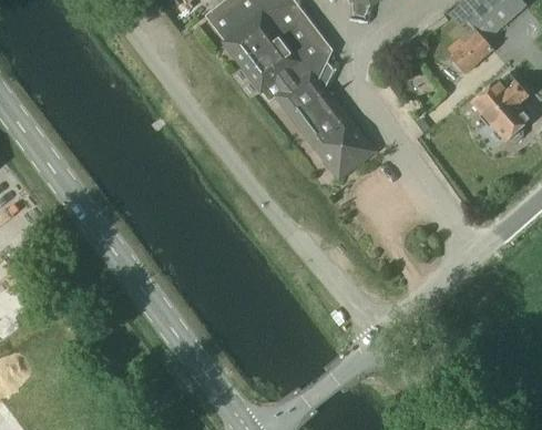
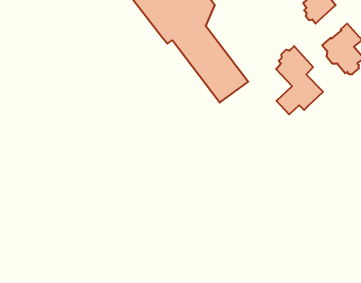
building: none -> [276,46,323,114]

